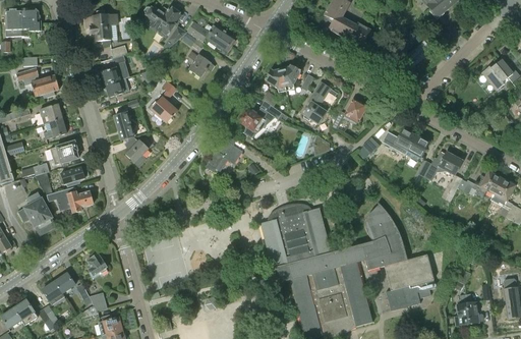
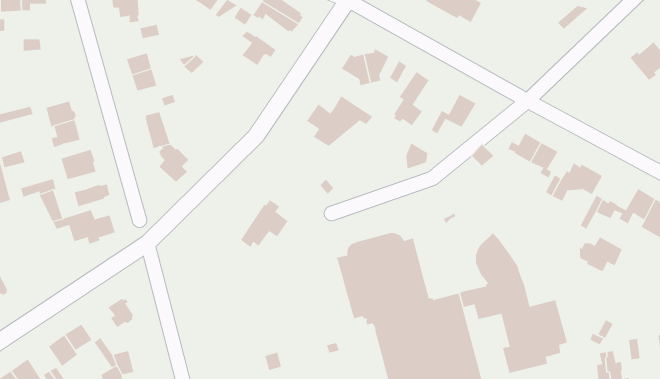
building: [16,67,59,98] -> none
building: [151,80,178,123] -> none
building: [206,135,242,172] -> [240,200,288,248]
building: [18,192,56,235] -> none
building: none -> [579,237,622,272]

